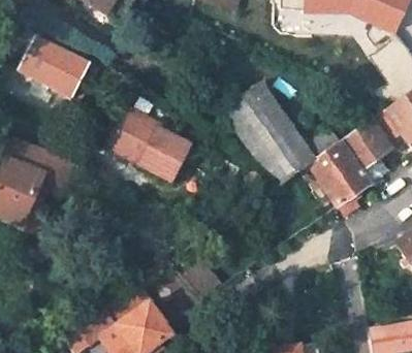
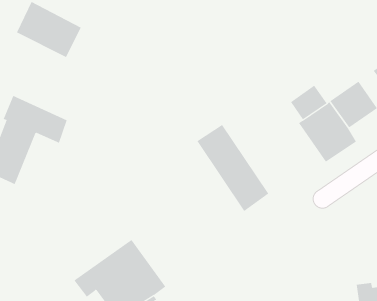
building: [233,93,308,183] -> [196,124,269,212]
building: [98,102,179,174] -> none

